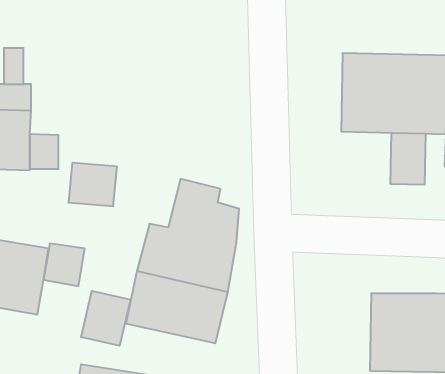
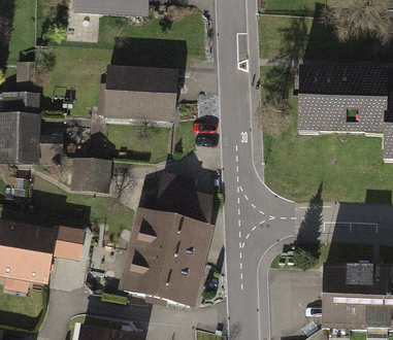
building: none -> [104,66,177,122]
building: [391,133,425,185] -> none
building: [81,291,130,346] -> none

